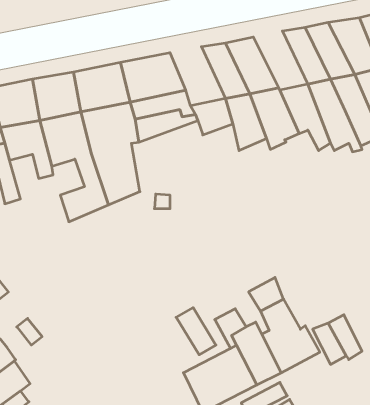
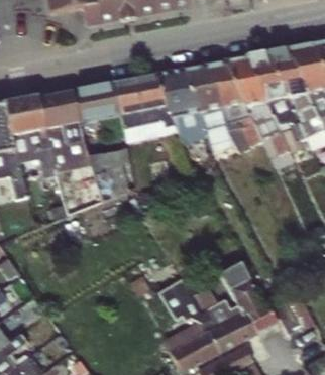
building: none -> [223,54,268,104]
building: none -> [153,68,200,117]

